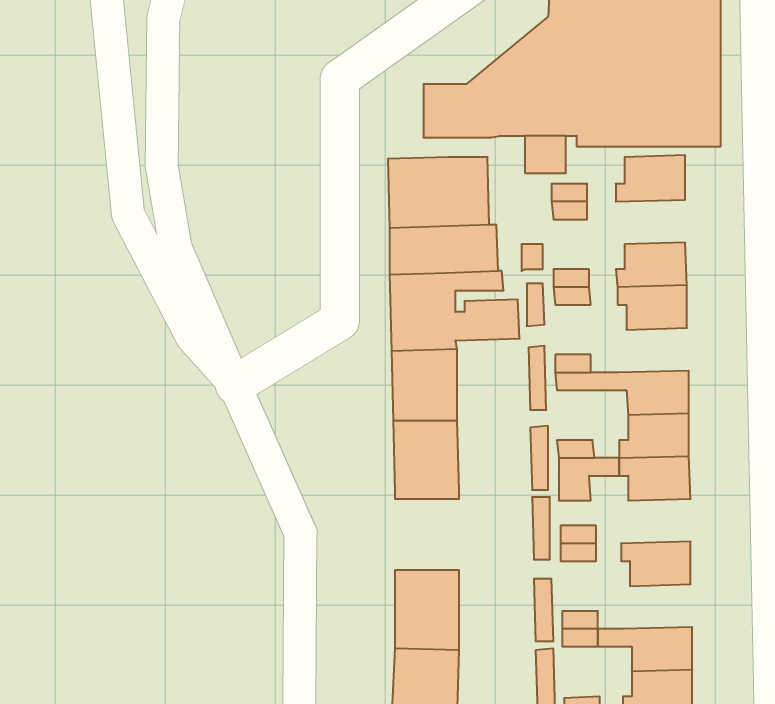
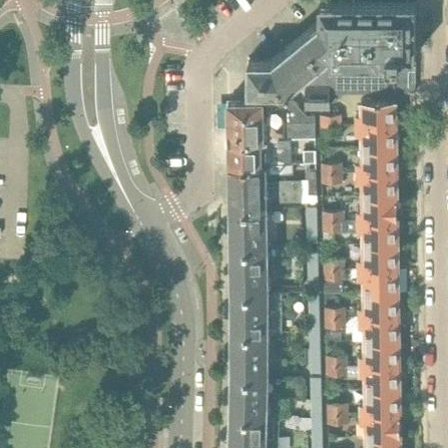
building: none -> [284,100,315,139]
building: none -> [356,125,395,150]
building: none -> [357,197,397,222]
building: none -> [232,294,281,334]
building: none -> [359,294,398,319]
building: none -> [359,342,399,367]

